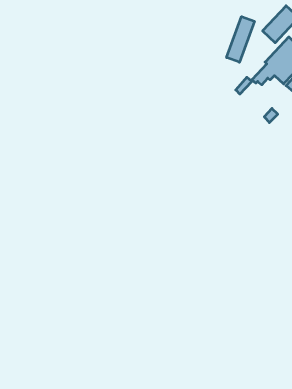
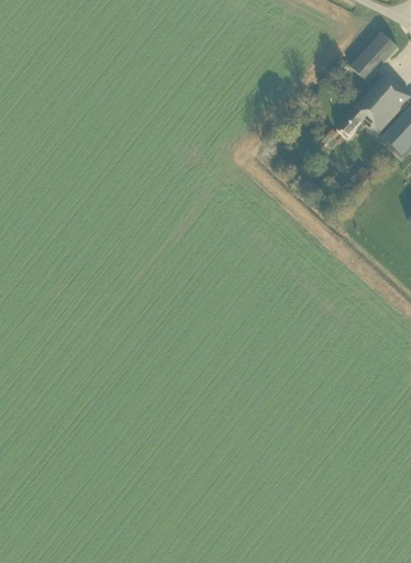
building: [227,17,254,62] -> none

